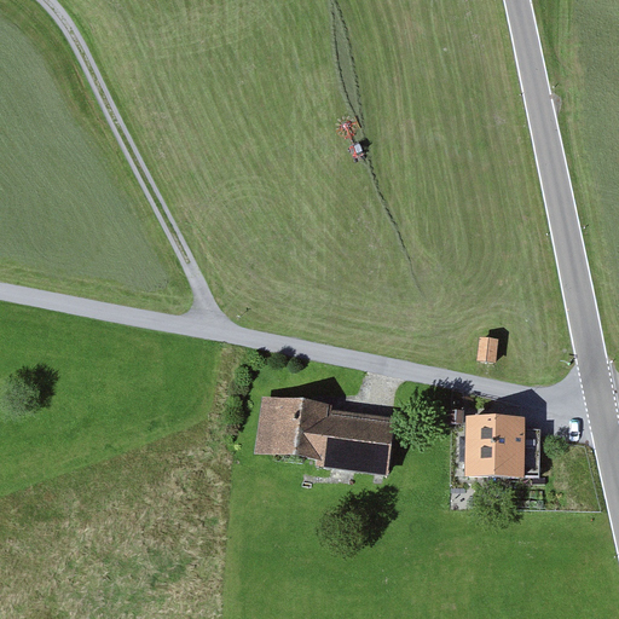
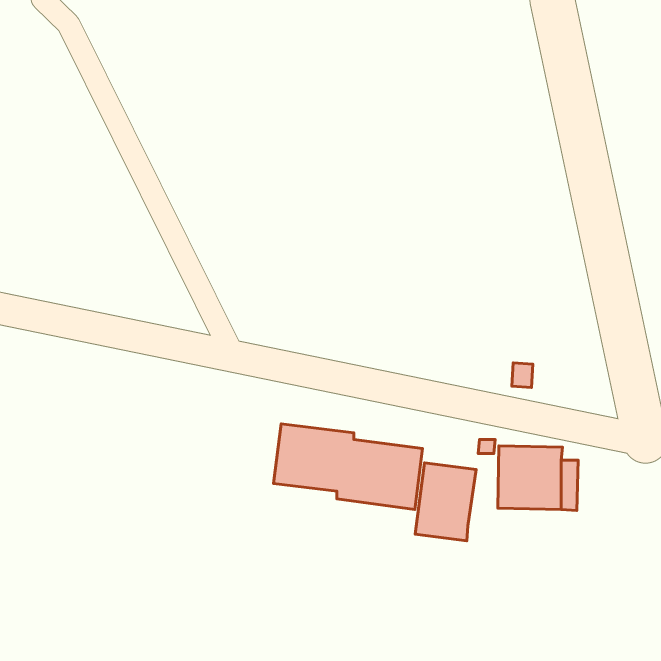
building: none -> [415,463,476,541]

